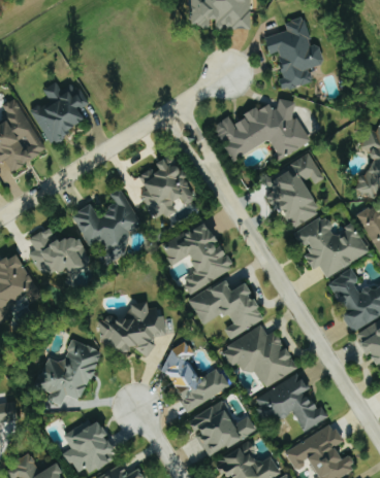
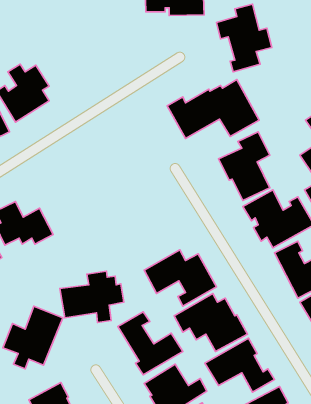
building: [139,152,196,217] -> none
building: [71,187,142,260] -> none
building: [163,220,233,292] -> none

